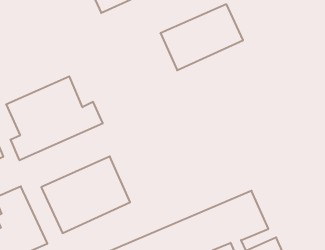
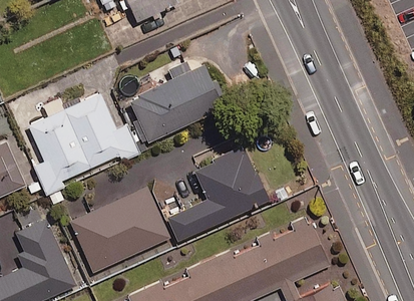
building: [160,4,243,70] -> [128,67,223,142]
building: none -> [165,147,268,242]

